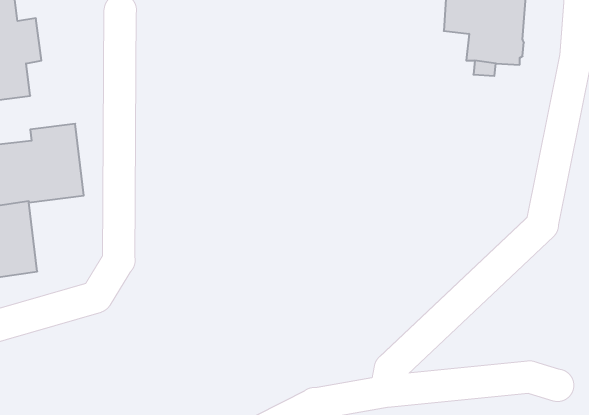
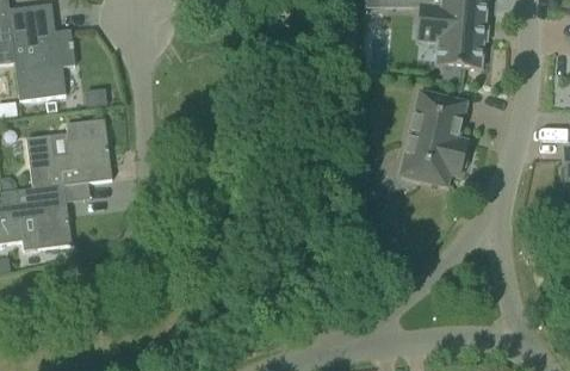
building: none -> [402,93,469,183]

